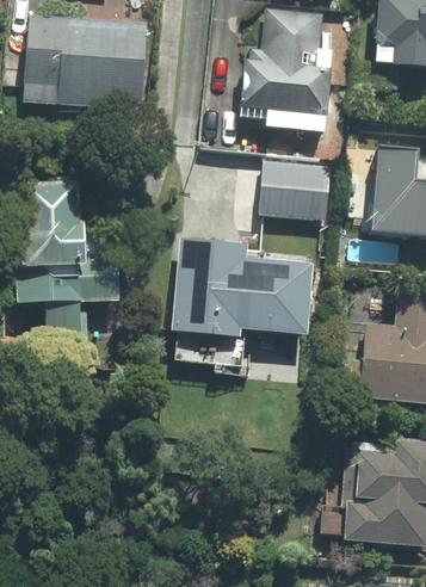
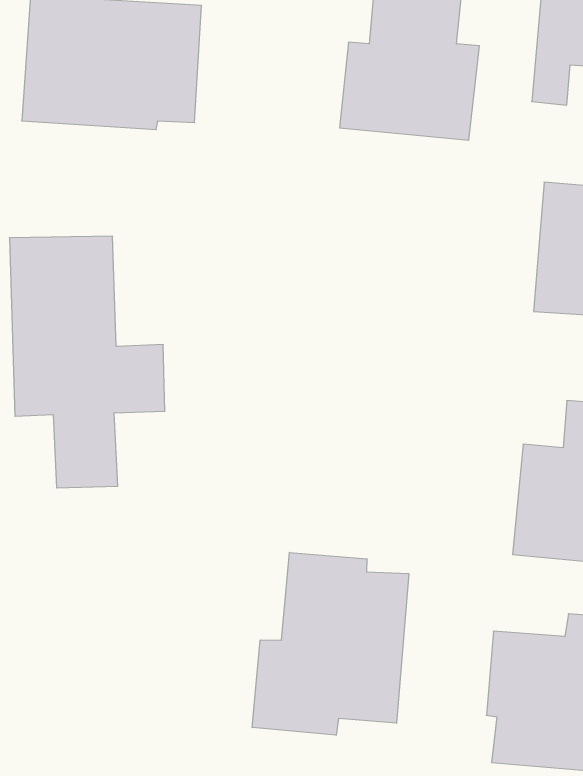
building: [258,161,331,220] -> none
building: [171,237,314,335] -> none
building: none -> [252,552,409,735]

